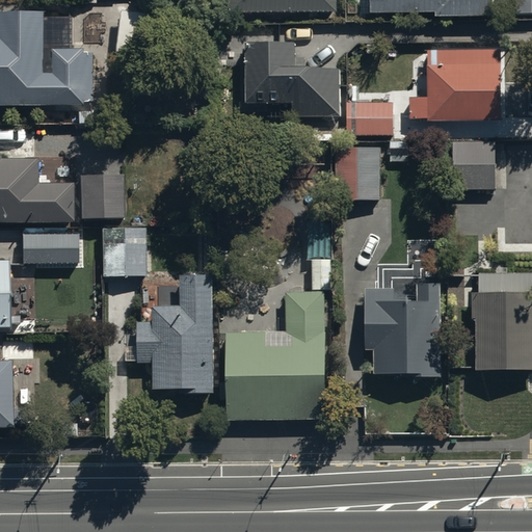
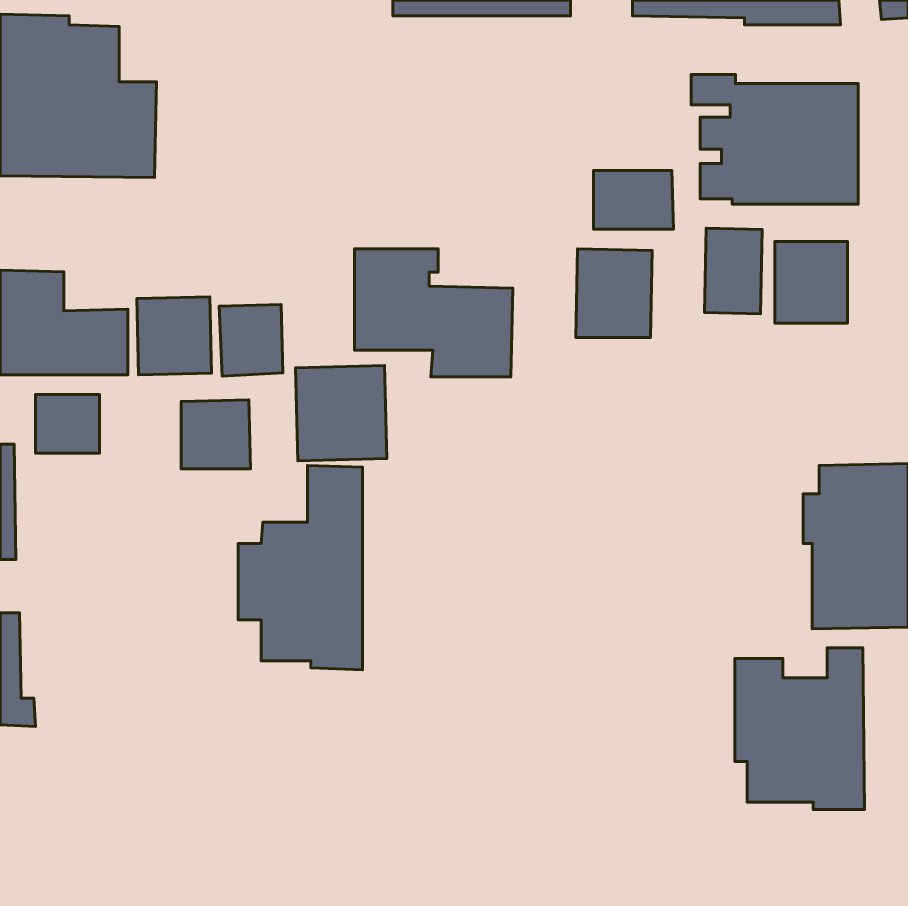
building: [246,43,339,117] -> [355,249,513,377]
building: none -> [704,228,762,314]
building: none -> [219,305,283,376]
building: none -> [296,366,387,461]
building: [227,219,332,418] -> none
building: [366,282,442,376] -> [735,648,865,809]

